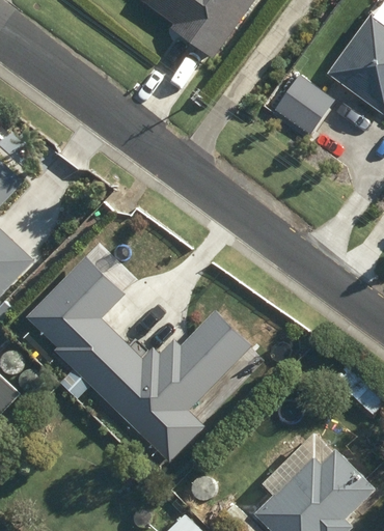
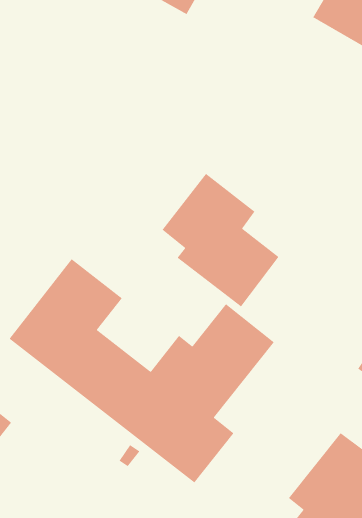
building: [272,75,333,135] -> none
building: none -> [161,173,280,308]

